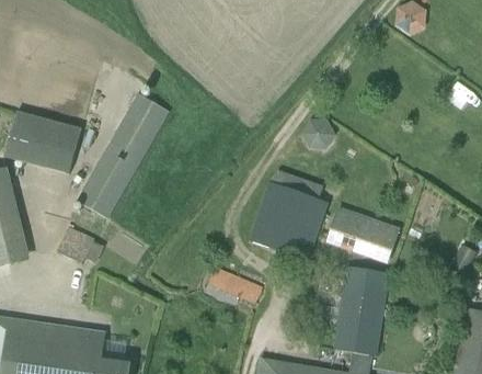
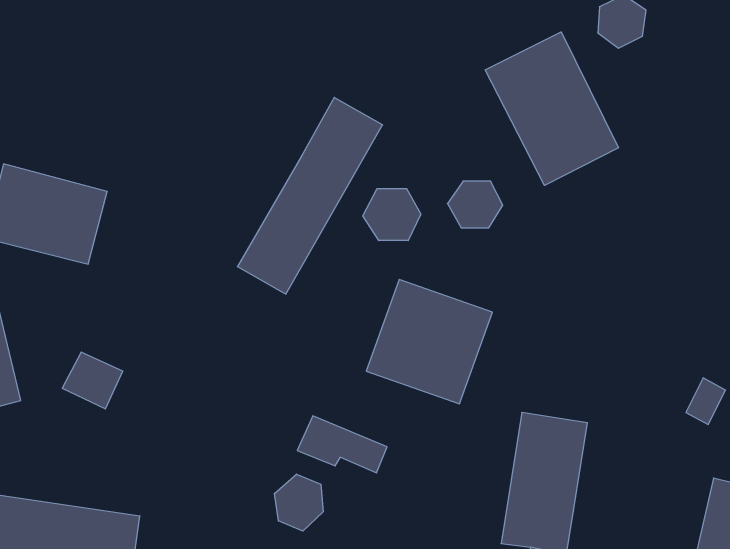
building: none -> [485,32,618,185]
building: [77,92,169,217] -> [237,97,383,294]
building: none -> [363,189,421,241]
building: [325,206,400,263] -> none
building: none -> [274,474,323,531]

